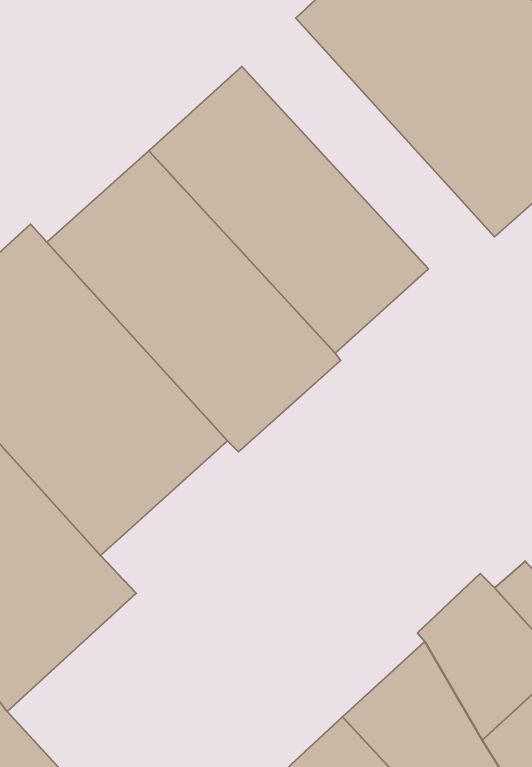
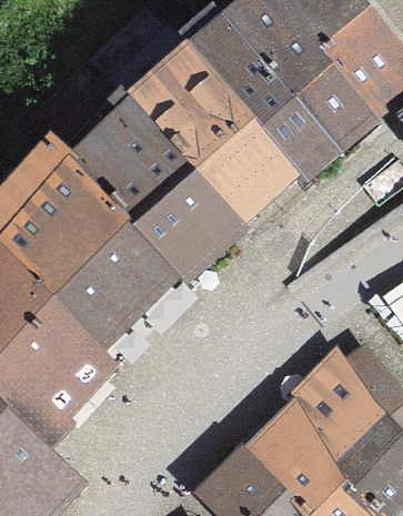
building: none -> [185,14,342,180]

